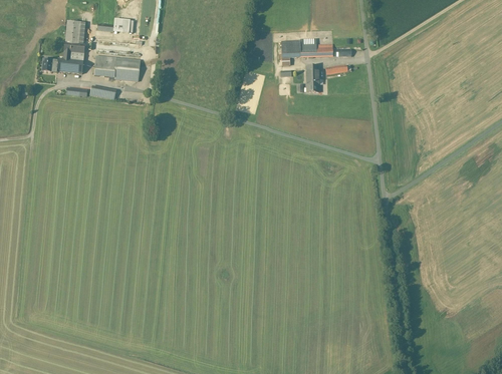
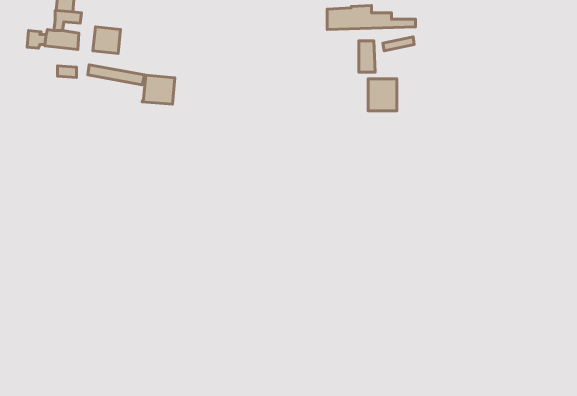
building: [113,58,140,81] -> [142,75,175,104]
building: none -> [368,79,397,111]

